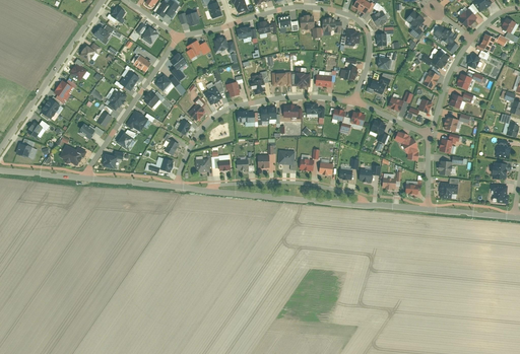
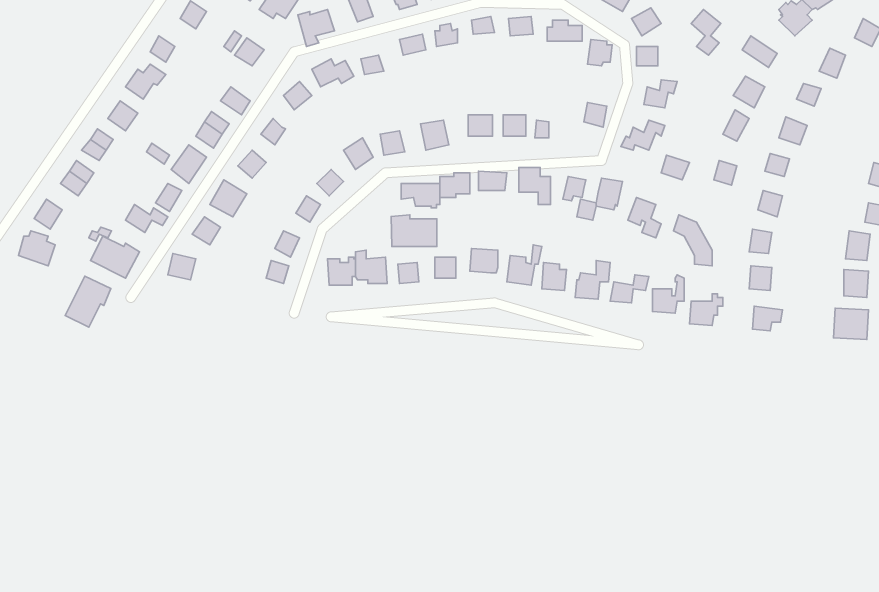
building: none -> [391,215,437,246]
building: none -> [65,276,111,327]

